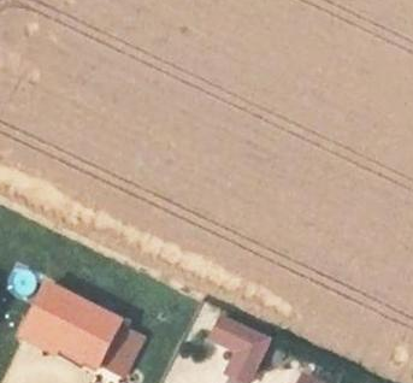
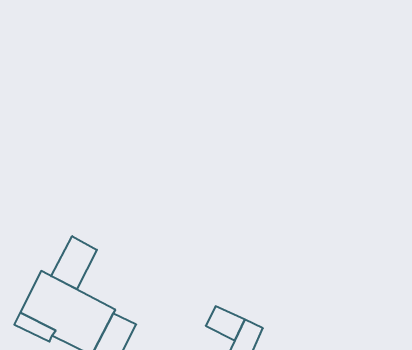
building: none -> [51,236,97,289]

